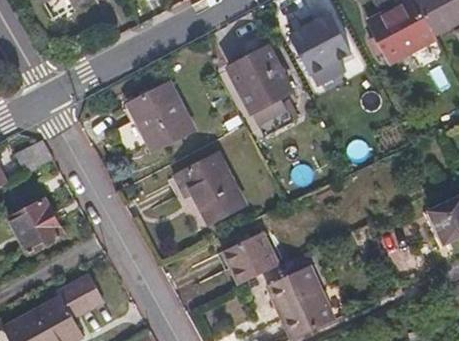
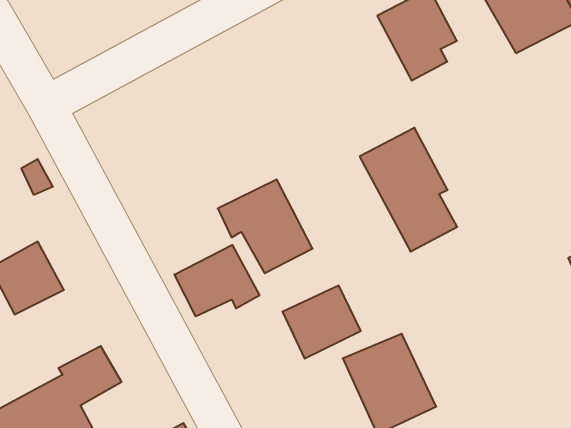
building: [227,46,298,136] -> [360,128,457,252]
building: [127,83,192,151] -> none
building: none -> [174,245,259,316]

